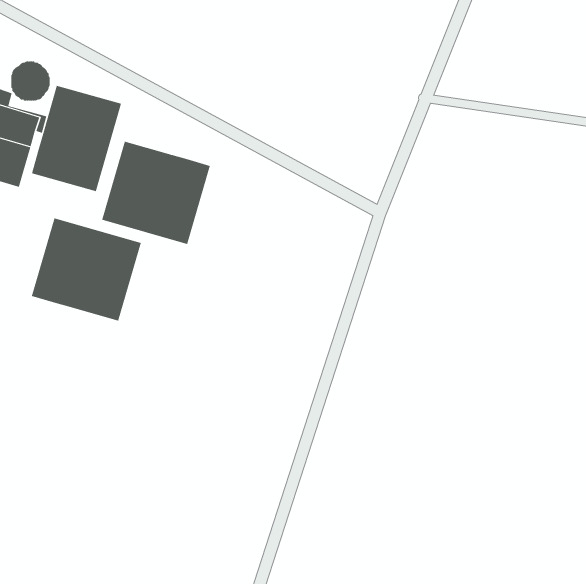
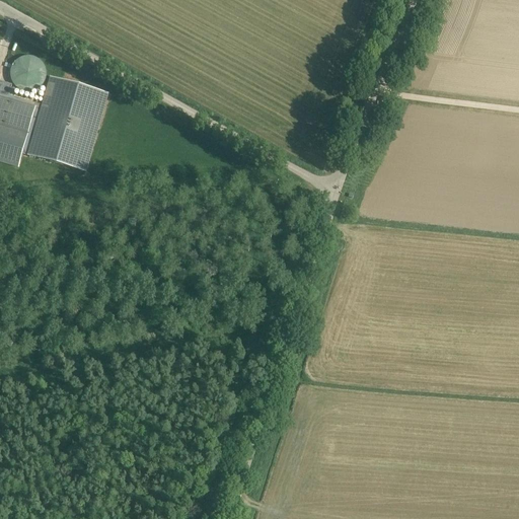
building: [101,141,210,245] -> none
building: [31,217,141,322] -> none

